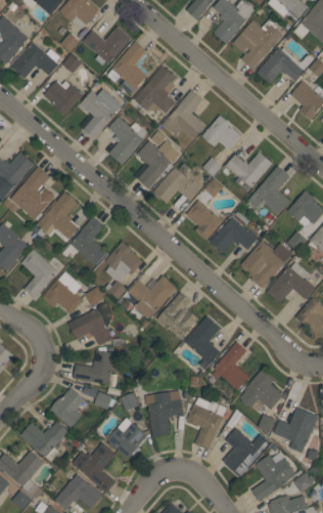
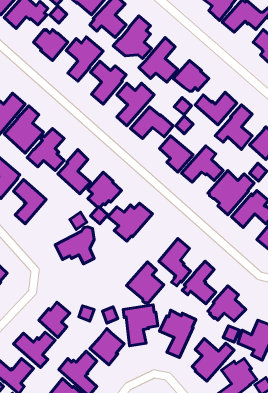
building: [42,270,84,313] -> none
building: [157,292,199,339] -> [127,262,164,304]
building: [74,350,114,384] -> none

